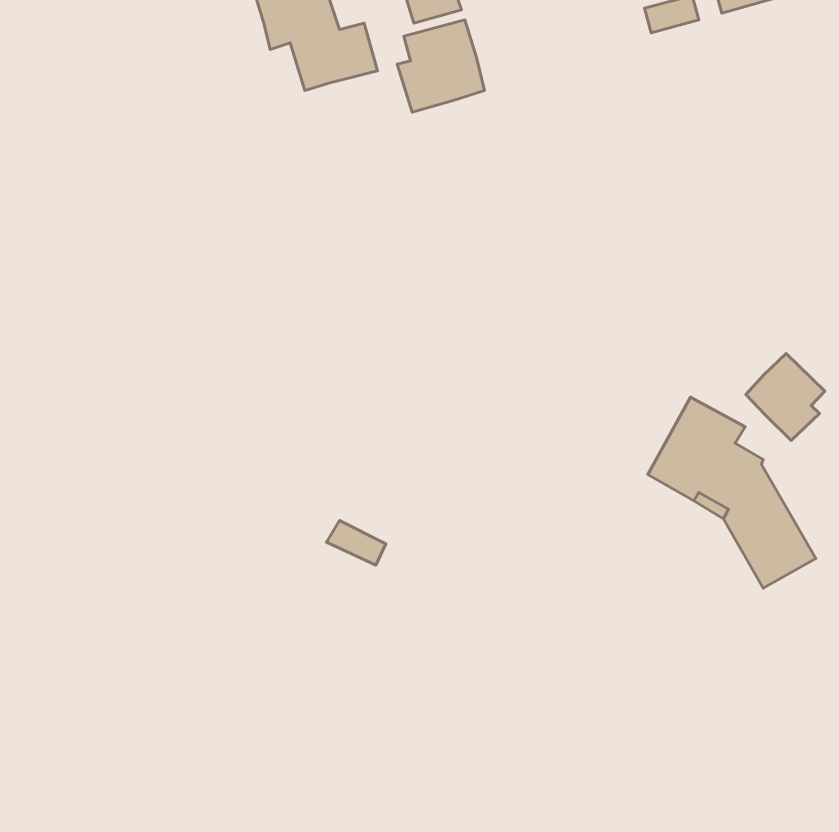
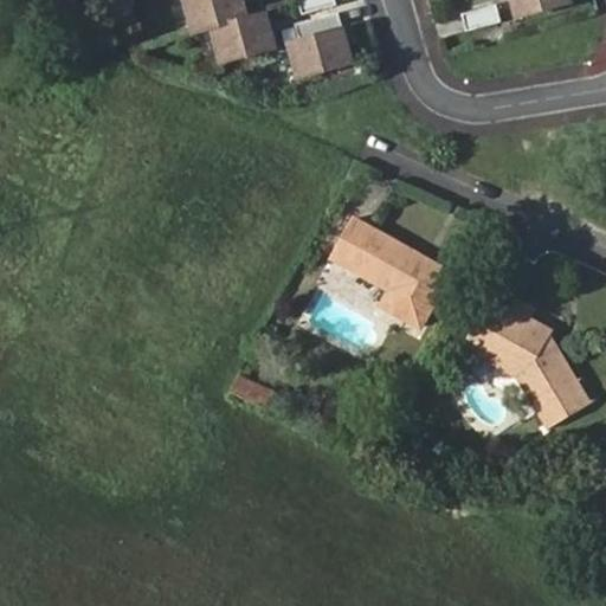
building: none -> [337,215,456,325]
building: [746,353,825,440] -> none

